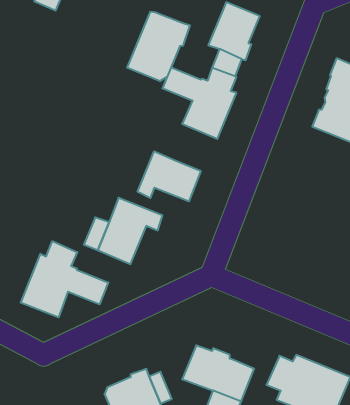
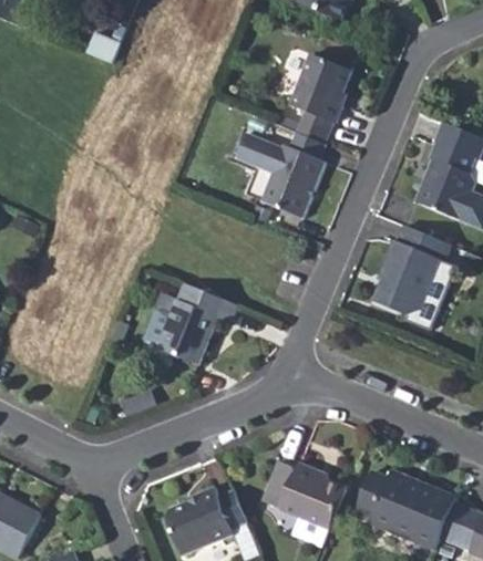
building: [127,12,190,81] -> none
building: none -> [373,222,453,326]
building: [138,151,201,201] -> none
building: [21,241,108,317] -> none

